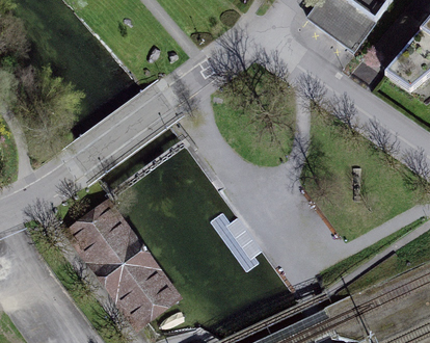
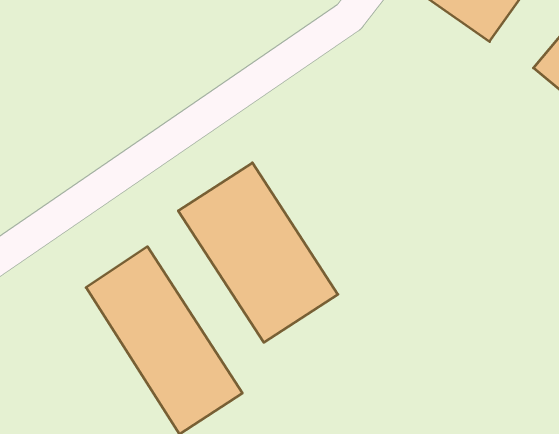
building: none -> [178,163,338,342]

